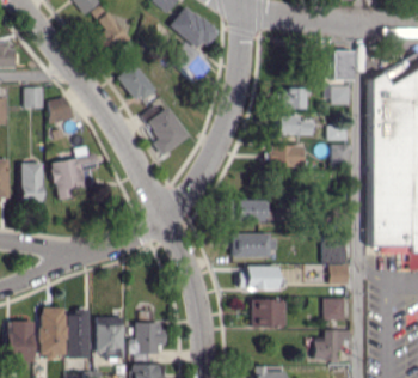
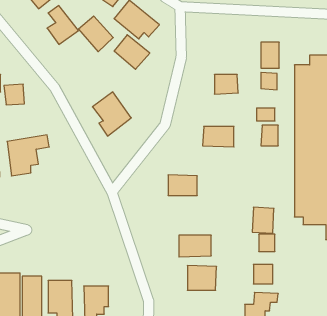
building: [117,63,155,103] -> [79,16,113,52]
building: [277,115,309,134] -> none
building: [232,233,276,256] -> none

